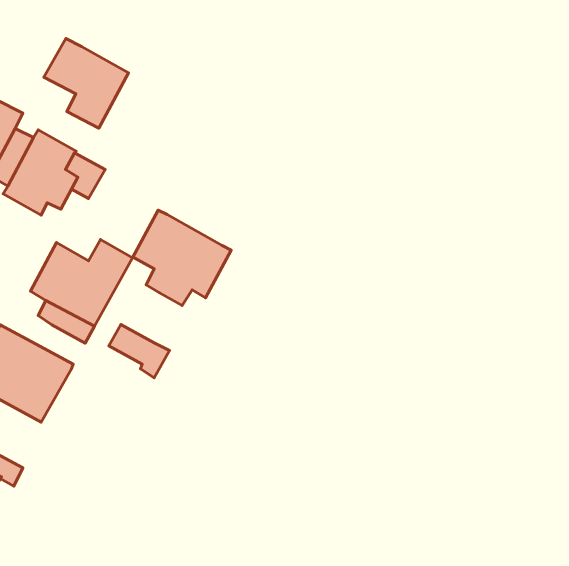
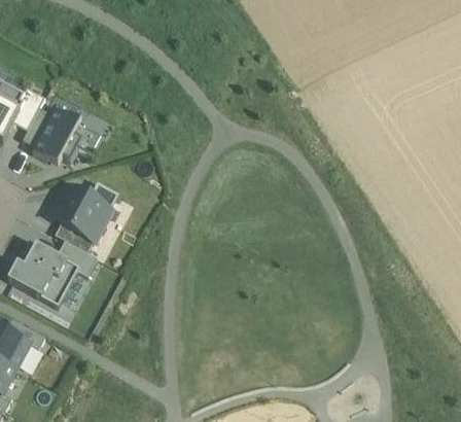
building: [44,39,129,128] -> none
building: [132,210,231,305] -> none
building: [109,325,170,378] -> [57,241,98,277]

